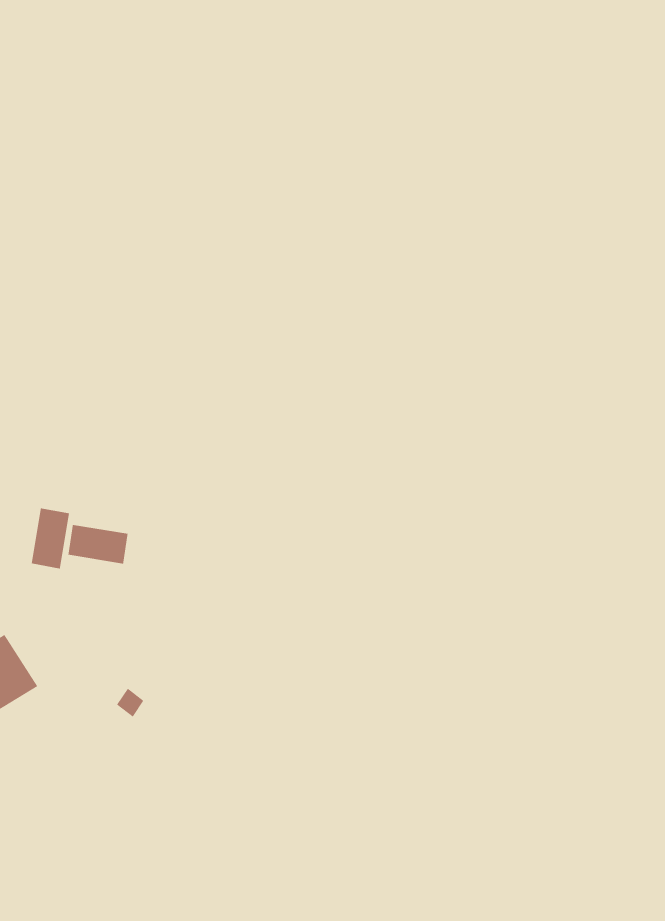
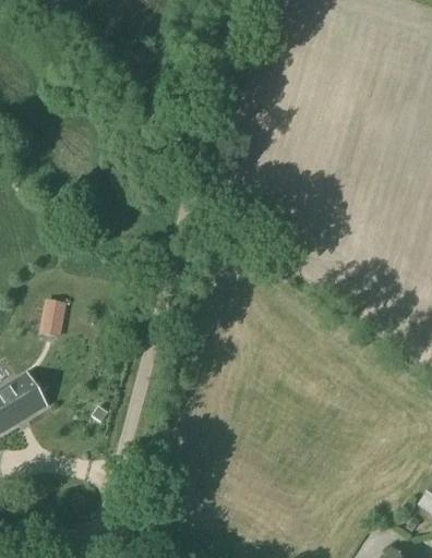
building: [68,524,128,564] -> none

